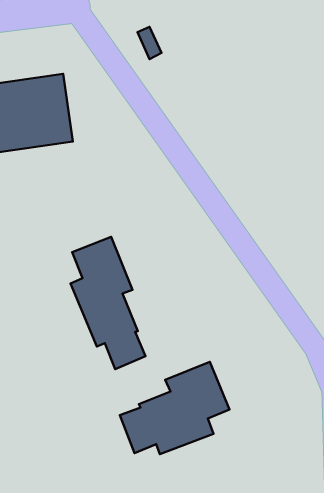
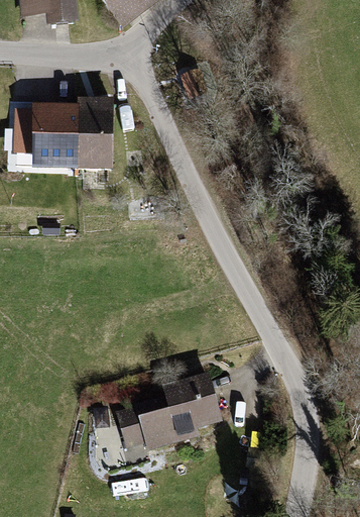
building: [71,237,145,369] -> none

